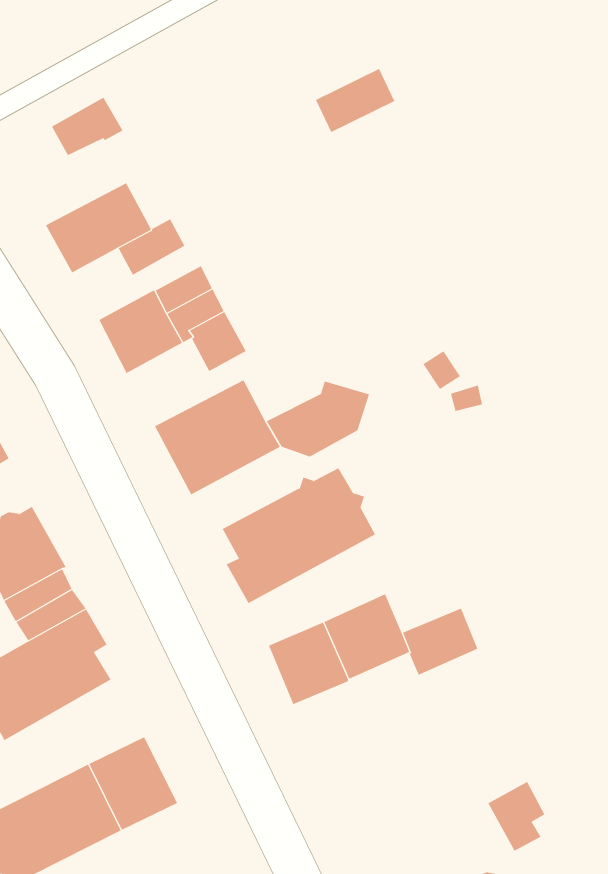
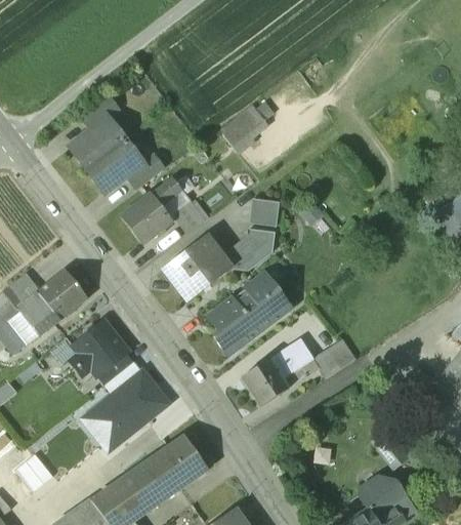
building: [315,68,395,133] -> [223,109,266,148]
building: none -> [71,118,127,169]
building: none -> [252,199,280,226]

